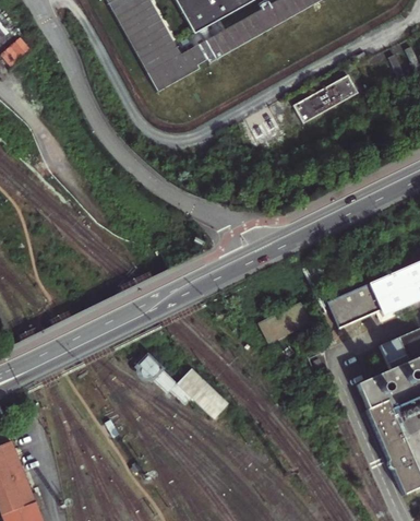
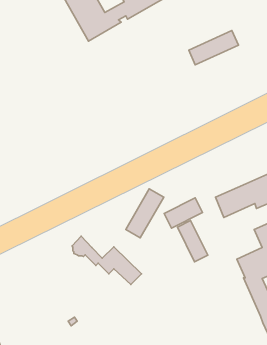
building: none -> [126,189,164,238]
building: none -> [177,221,208,262]

